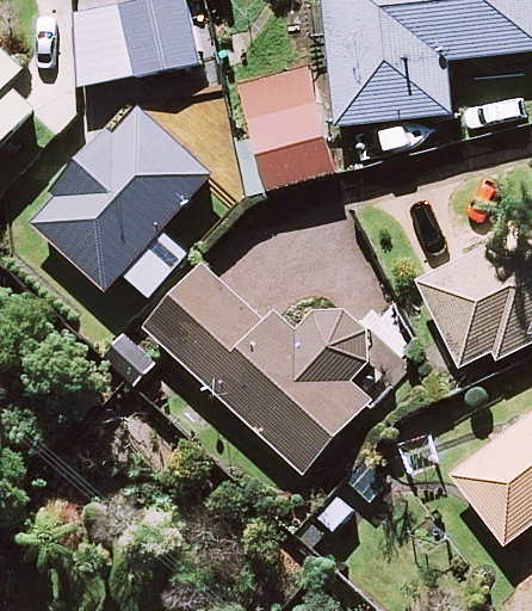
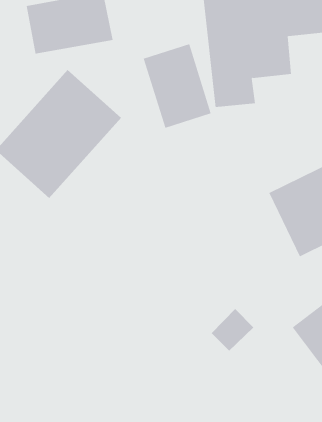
building: [142,263,376,471] -> none

